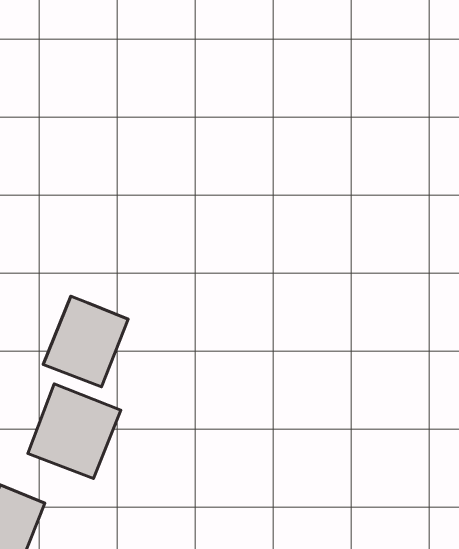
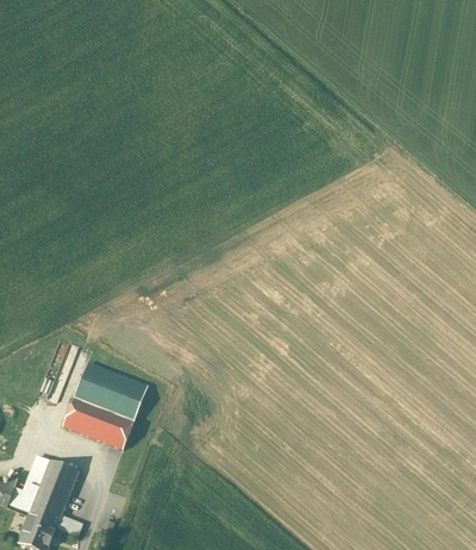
building: [43,296,128,387] -> none

